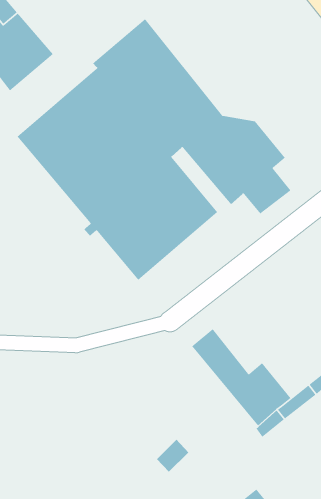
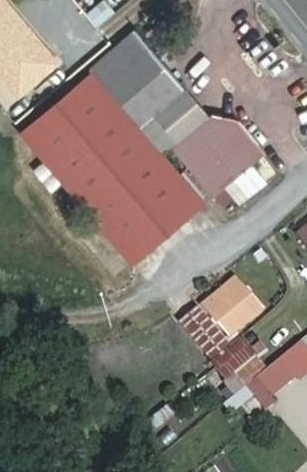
building: none -> [202,280,260,334]

